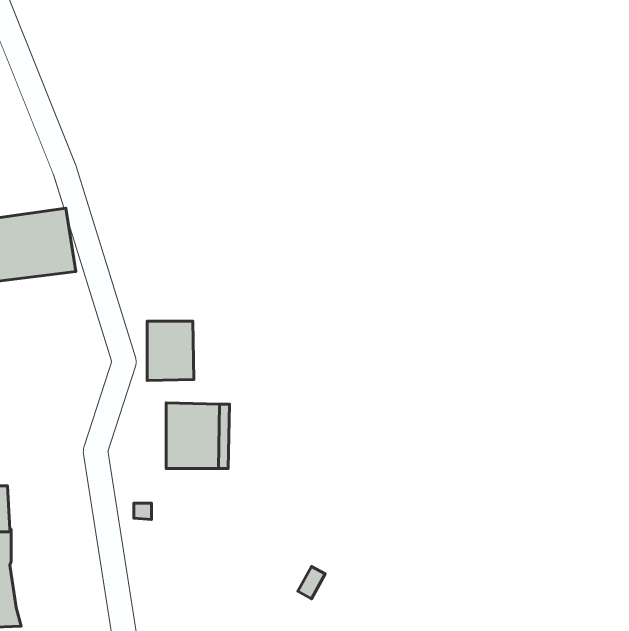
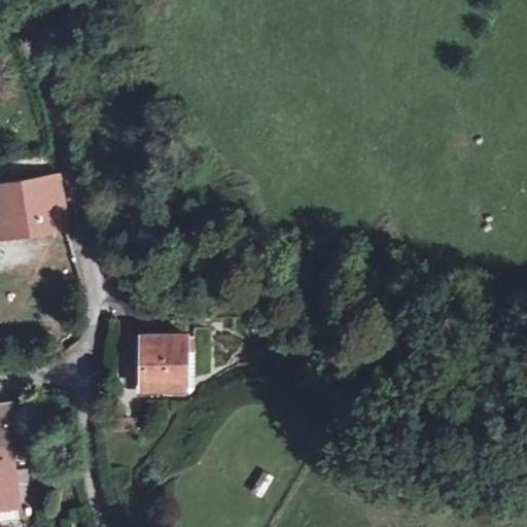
building: [147,321,194,381] -> none

